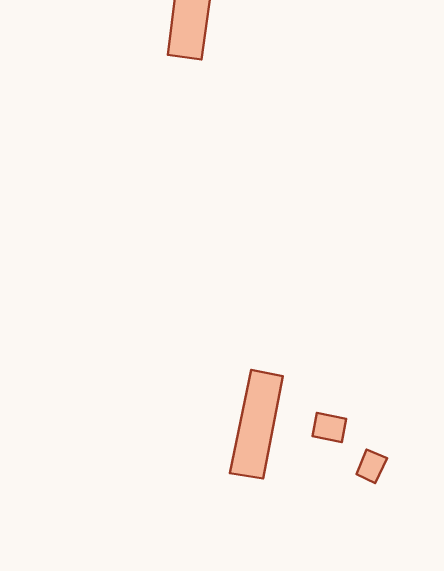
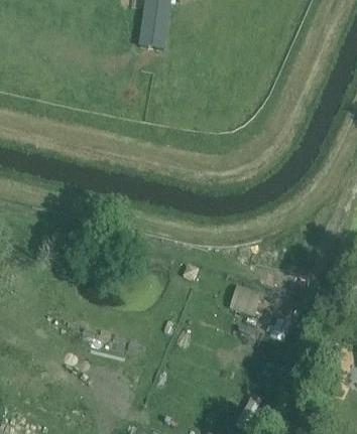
building: [230,370,283,479] -> none

